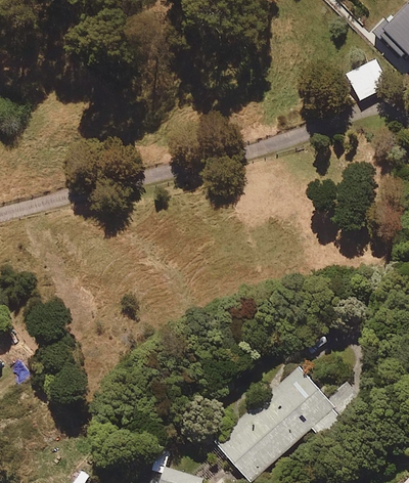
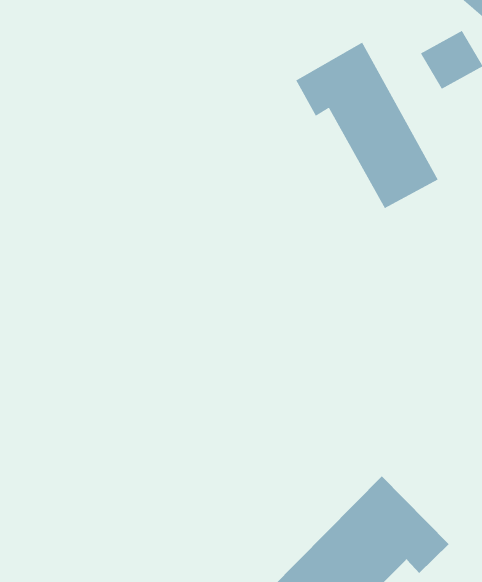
building: none -> [295,42,439,209]

